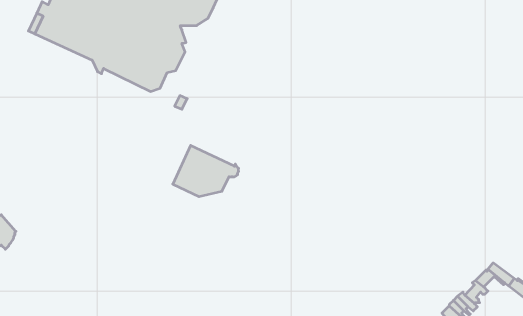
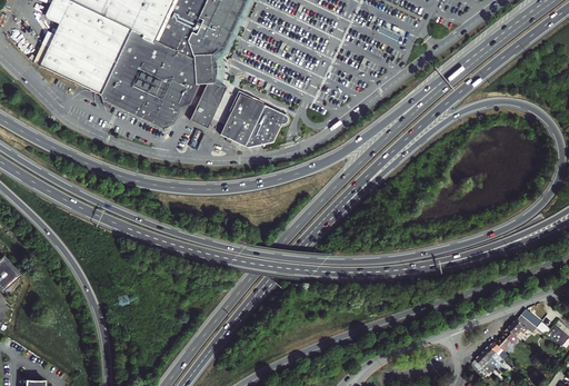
building: none -> [188,79,226,129]
building: [173,145,239,197] -> [218,93,288,148]

